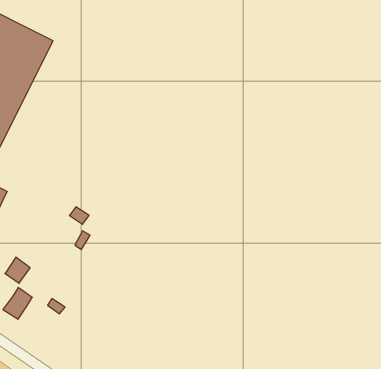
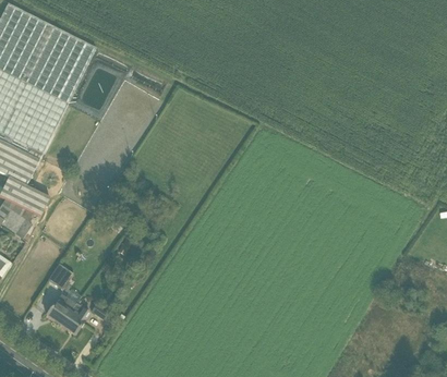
building: none -> [60,303,88,335]

